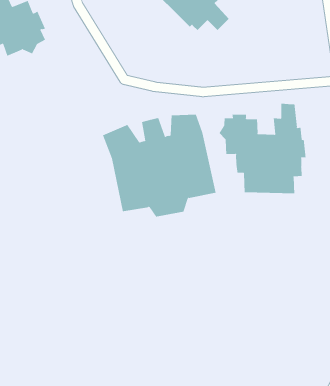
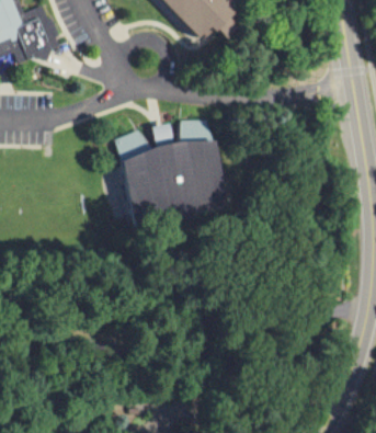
building: [219,103,306,194] -> none

